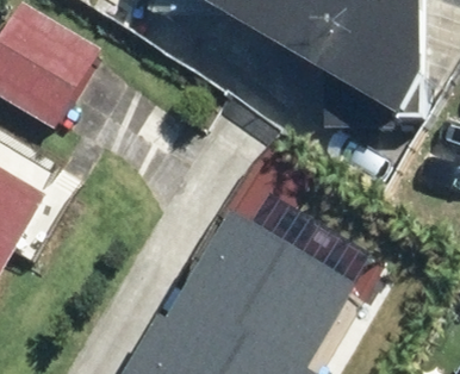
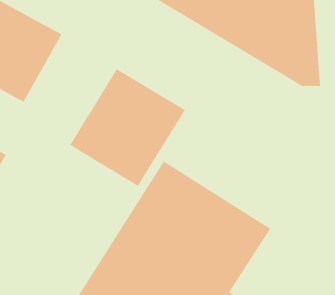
building: none -> [69,68,186,187]

